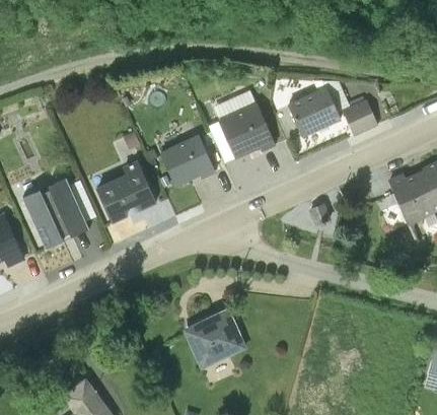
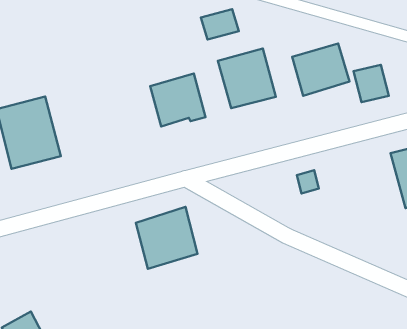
building: none -> [201,9,239,39]
building: [94,162,156,226] -> none
building: [184,310,245,373] -> [136,207,198,269]

